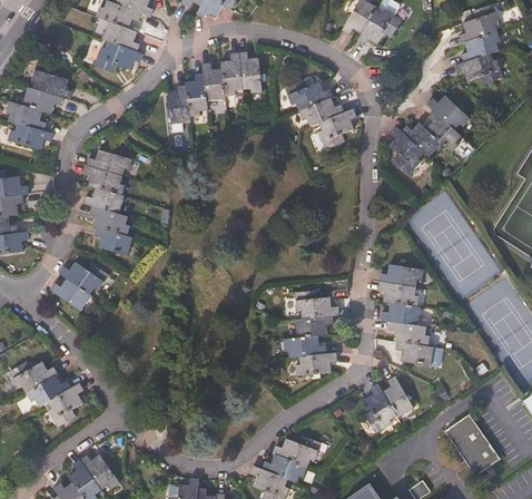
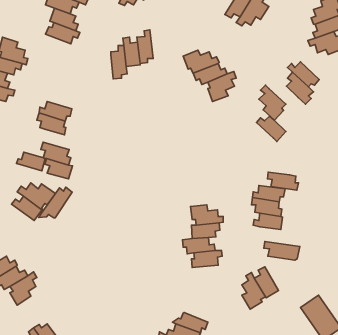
building: [238,50,262,94] -> none
building: [167,85,189,125] -> none
building: [401,123,441,157] -> [256,116,286,141]
building: [85,187,124,213] -> [17,152,45,171]
building: none -> [39,187,72,218]
building: [387,321,430,345] -> [267,172,298,190]

